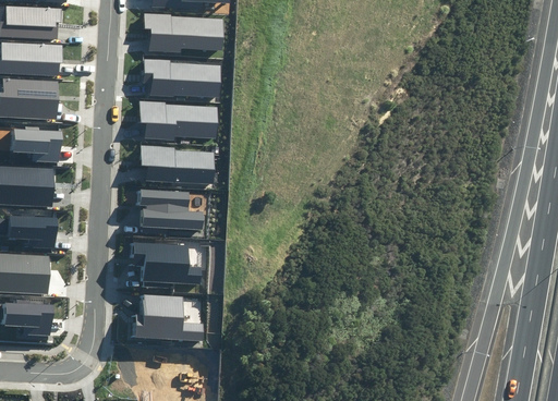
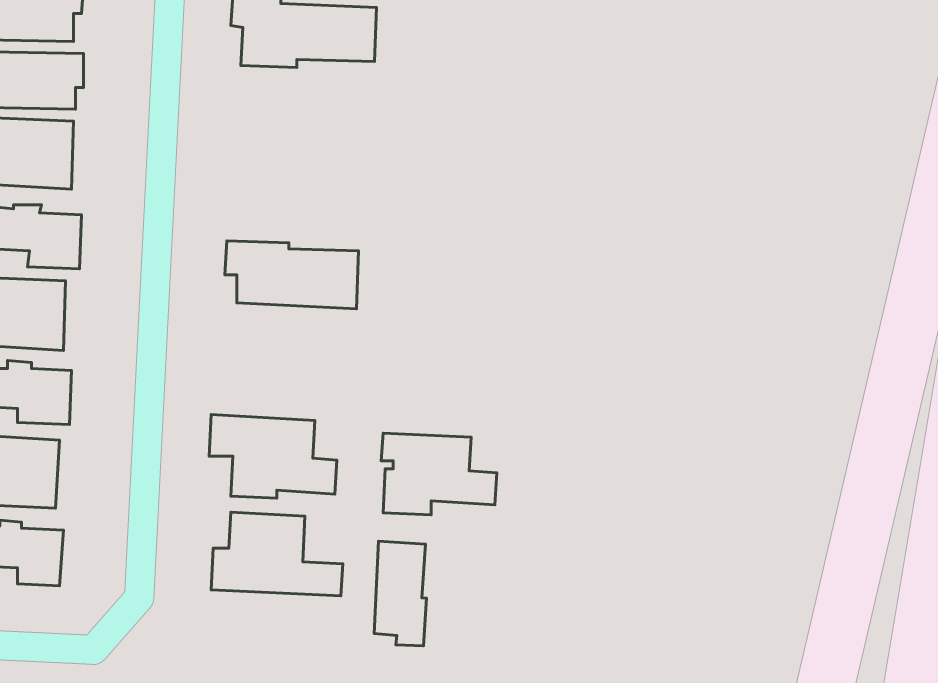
building: [142,58,221,97] -> none
building: [137,101,217,139] -> none
building: [140,190,203,234] -> [381,433,497,515]
building: none -> [374,541,427,646]

